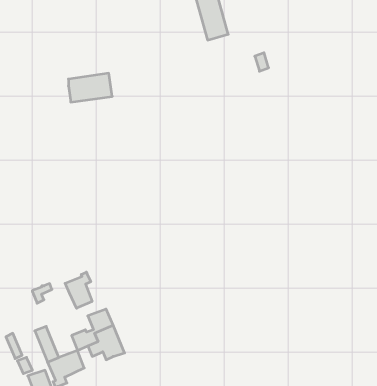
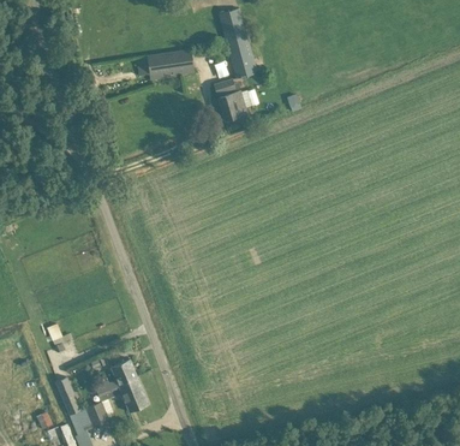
building: none -> [215,79,249,119]
building: [68,73,112,102] -> [149,49,195,79]
building: [65,272,92,308] -> none

